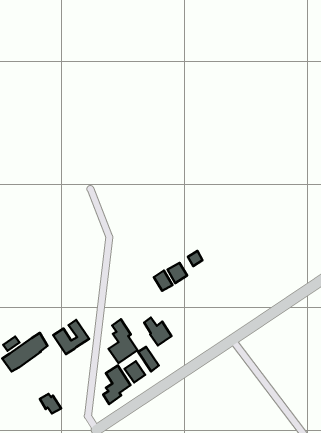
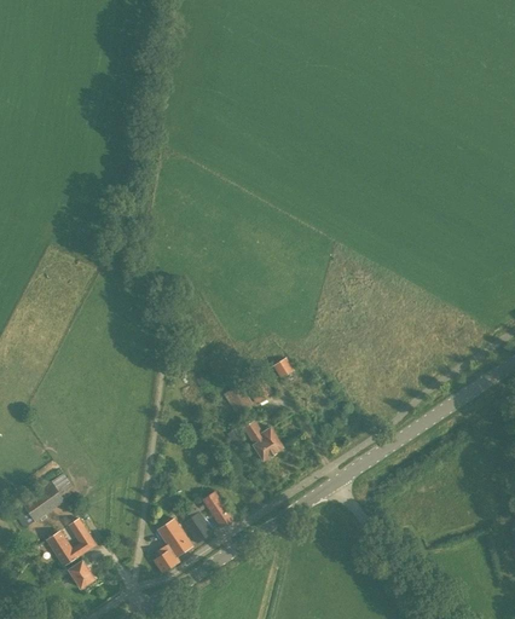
building: [144,317,171,346] -> [244,421,283,461]
building: [109,319,138,363] -> none
building: [53,320,89,354] -> [46,517,97,566]

